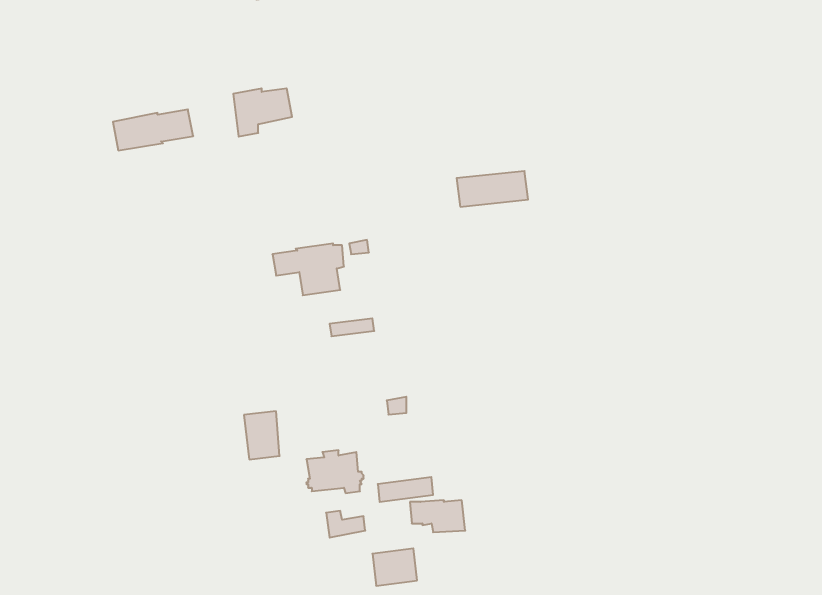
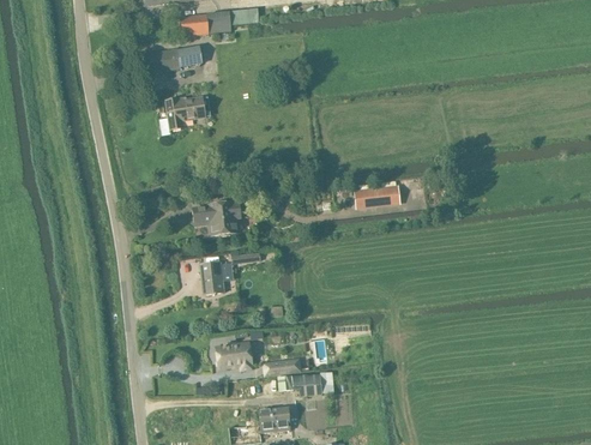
building: [113,109,193,150] -> [149,46,203,73]
building: [457,171,528,207] -> [354,185,402,209]
building: [244,411,280,459] -> [200,263,224,295]

